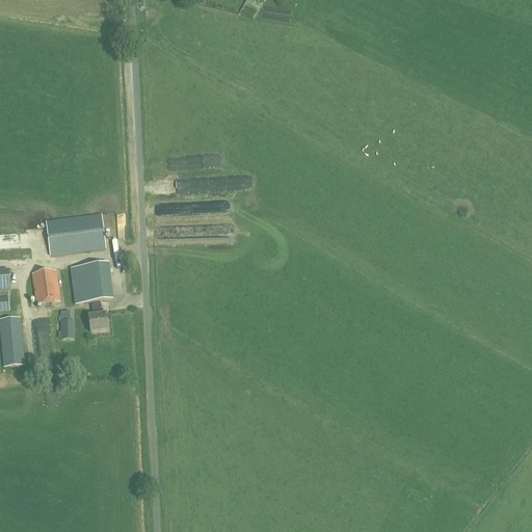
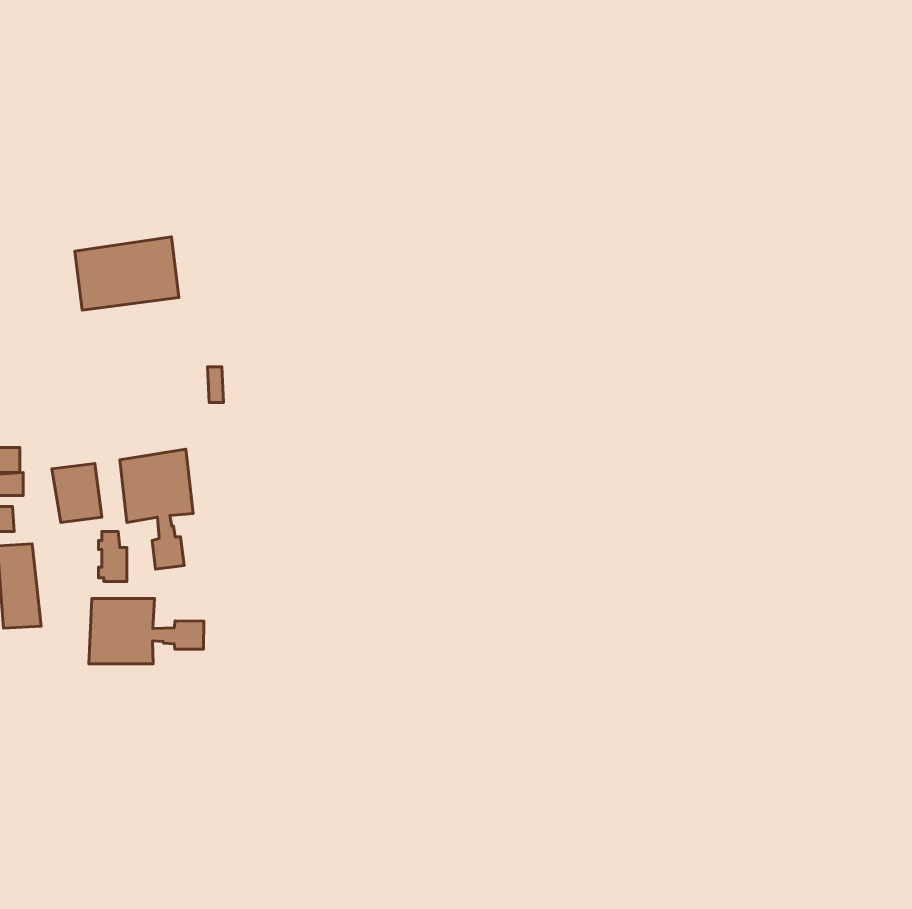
building: [45,212,105,255] -> [75,237,179,310]
building: none -> [89,599,204,664]

